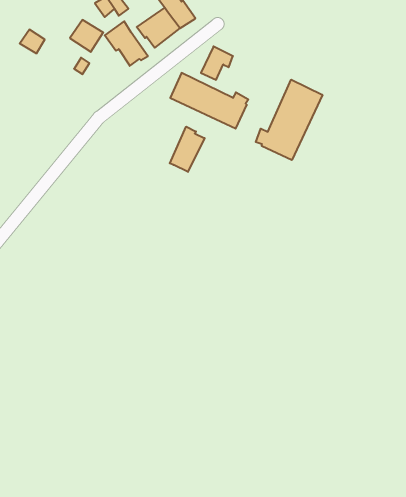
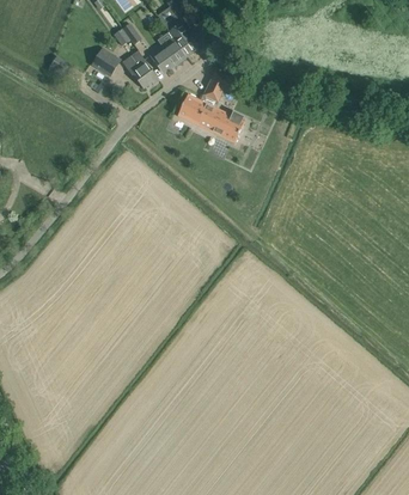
building: [256,80,322,160] -> none
building: [170,127,205,172] -> none

